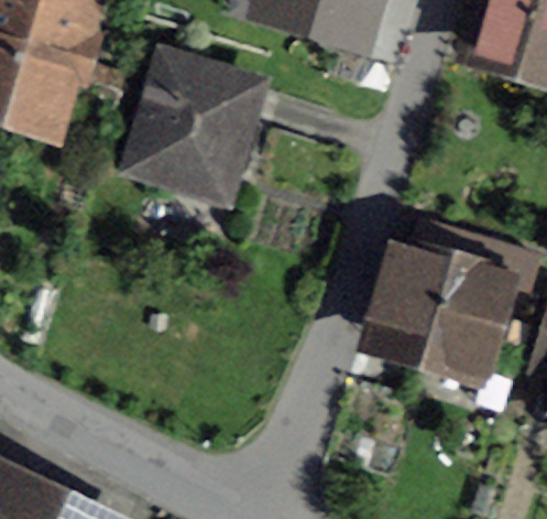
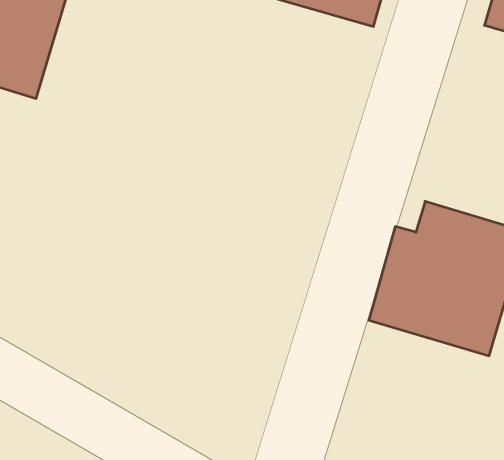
building: [111,53,242,196] -> none

